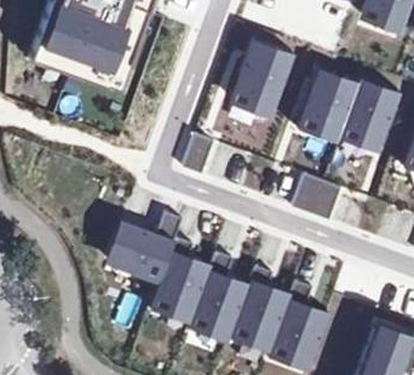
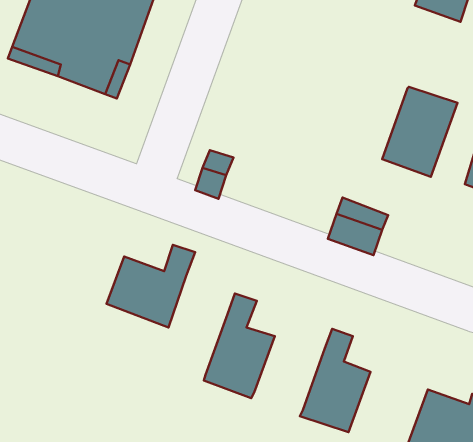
building: [232,41,291,113] -> none
building: [294,68,356,143] -> none
building: [150,236,208,317] -> none
building: [230,265,288,346] -> none

